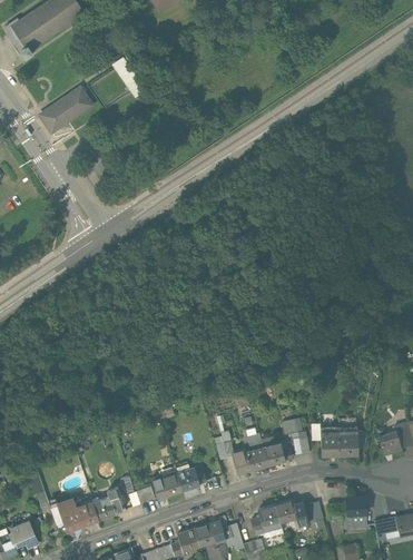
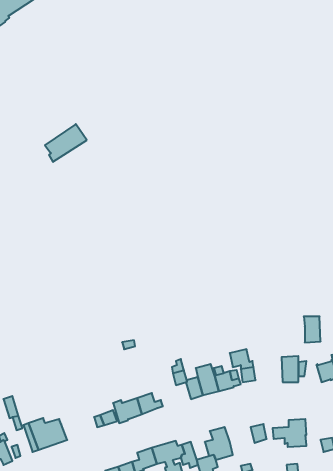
building: [45,88,91,130] -> [45,124,87,162]
building: [321,426,340,455] -> [304,316,321,342]
building: [92,487,124,519] -> none
building: [275,500,308,524] -> none

